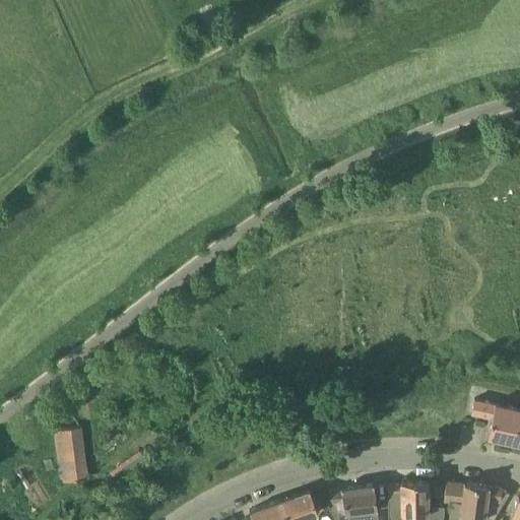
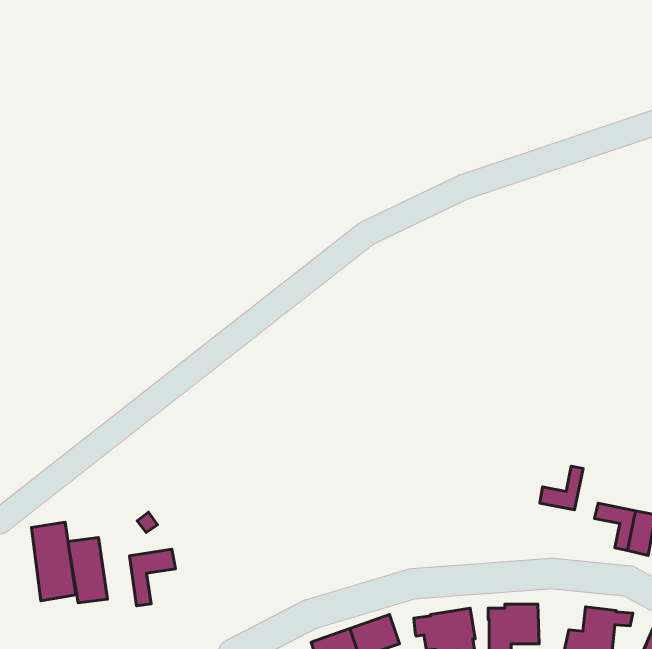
building: none -> [540,466,583,510]
building: none -> [32,522,76,601]
building: none -> [130,549,176,606]

